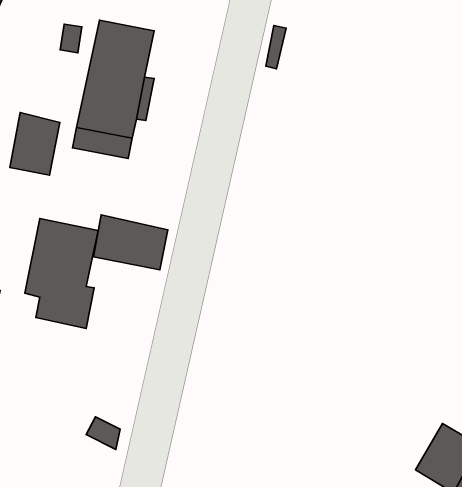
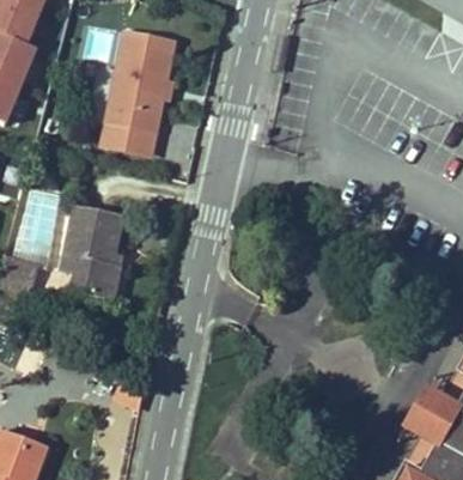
building: [10,112,60,175] -> none
building: [94,215,168,270] -> none

